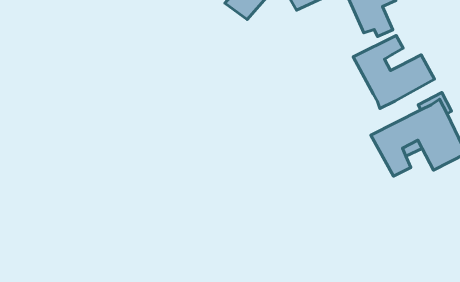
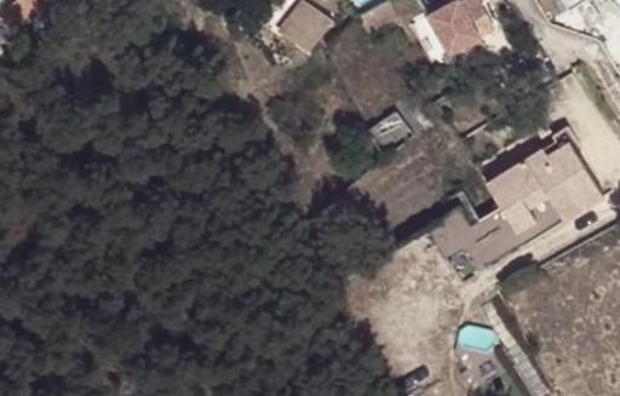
building: [353,35,434,109] -> none

